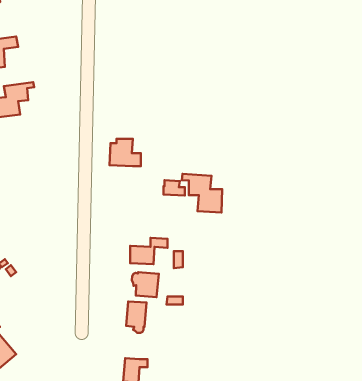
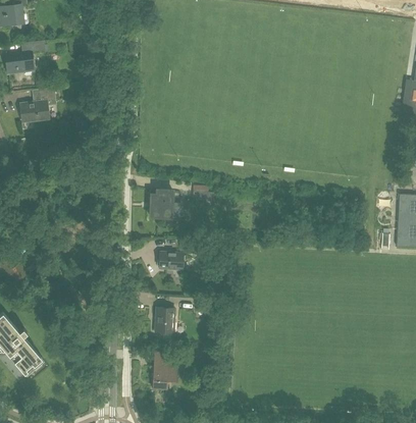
building: [109,139,141,166] -> [149,190,180,217]
building: [182,174,222,212] -> none
building: [132,272,159,297] -> none

